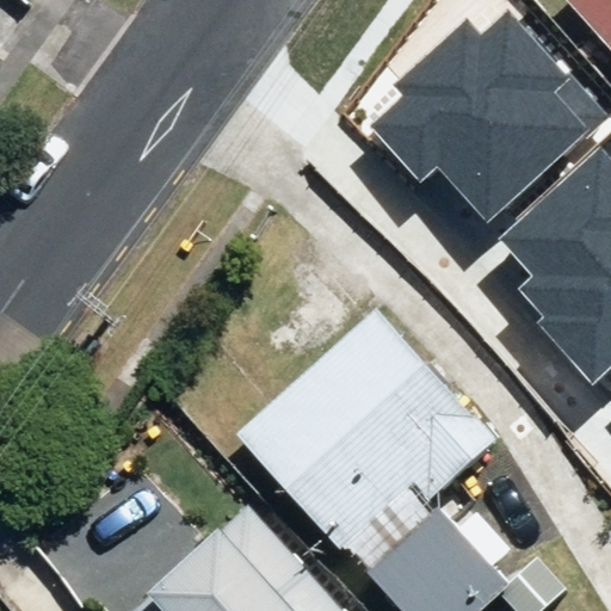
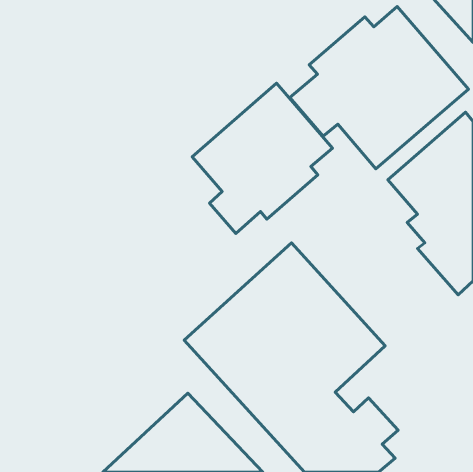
building: none -> [192,83,333,234]

